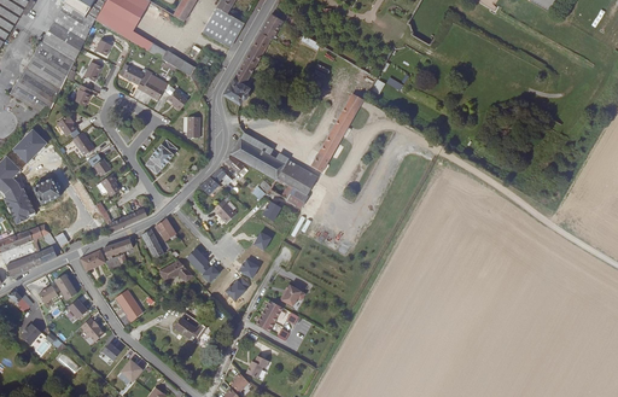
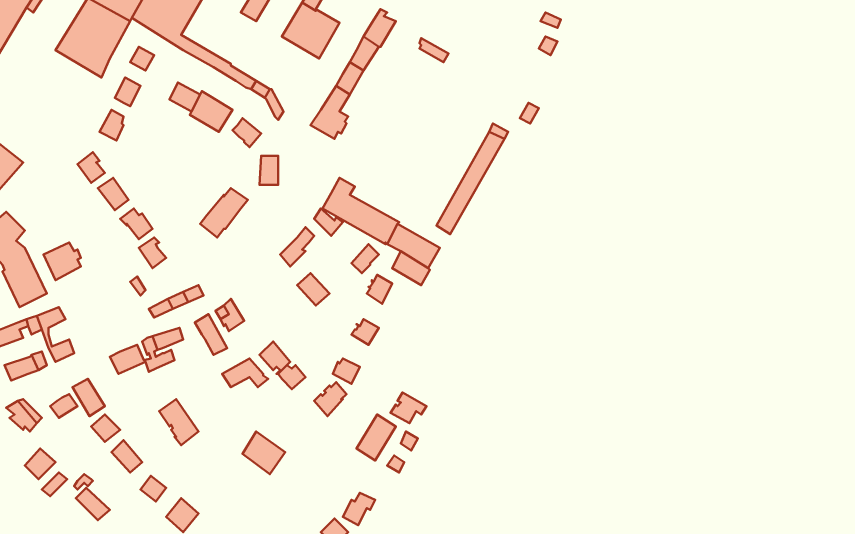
building: [10,40,75,116] -> none
building: [13,129,47,163] -> none

